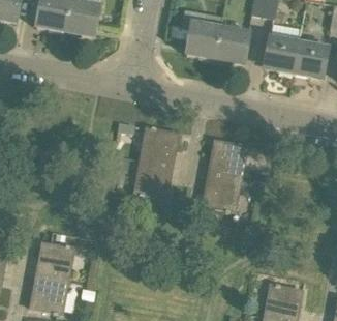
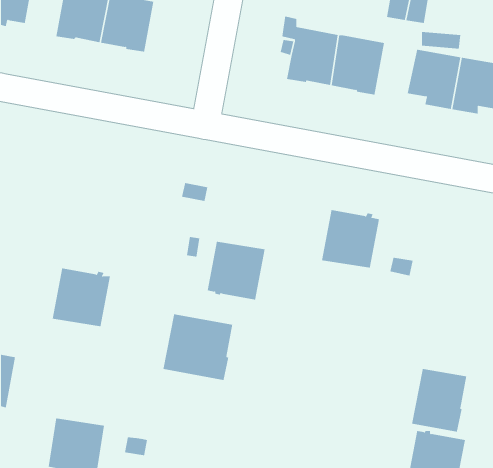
building: [141,125,179,165] -> none
building: [203,172,241,211] -> none
building: none -> [163,314,233,381]
building: [36,241,74,280] -> [52,268,111,327]
building: none -> [411,368,467,433]

